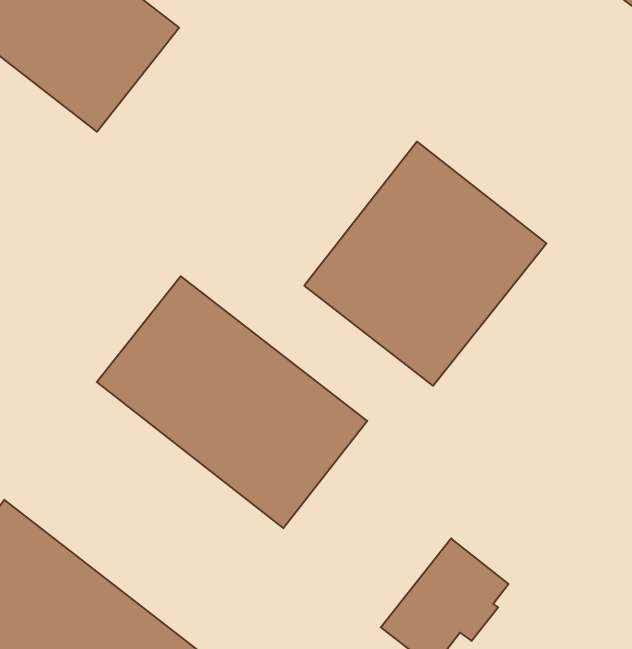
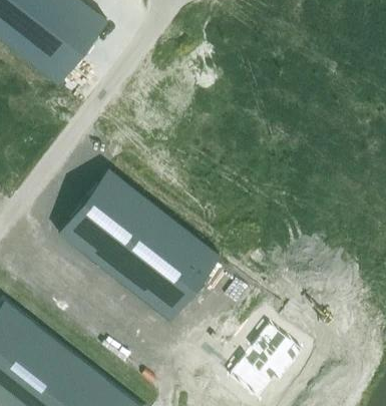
building: [304,142,547,386] -> none

